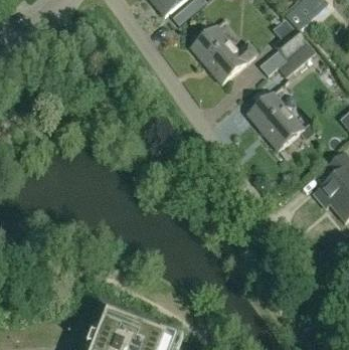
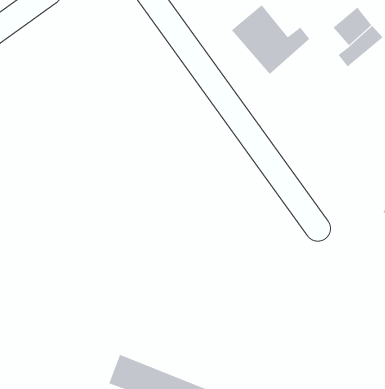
building: [247,92,303,149] -> none

